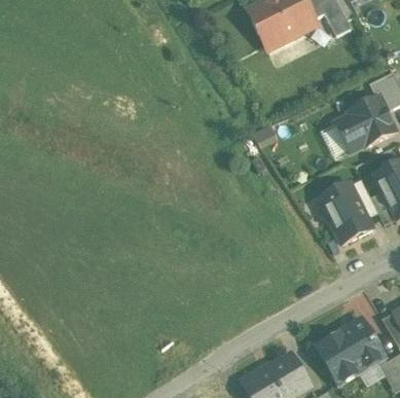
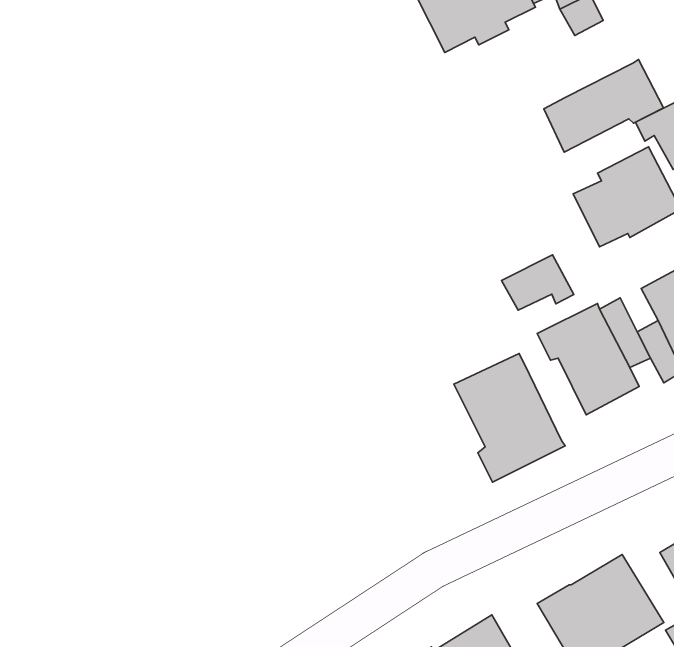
building: none -> [544,60,664,152]
building: none -> [501,255,574,310]
building: none -> [454,354,565,482]

